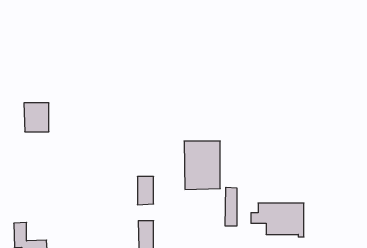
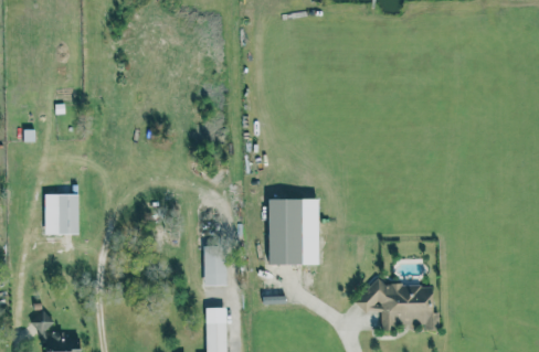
building: [24,103,49,132] -> [44,194,78,234]
building: [225,187,237,226] -> none

